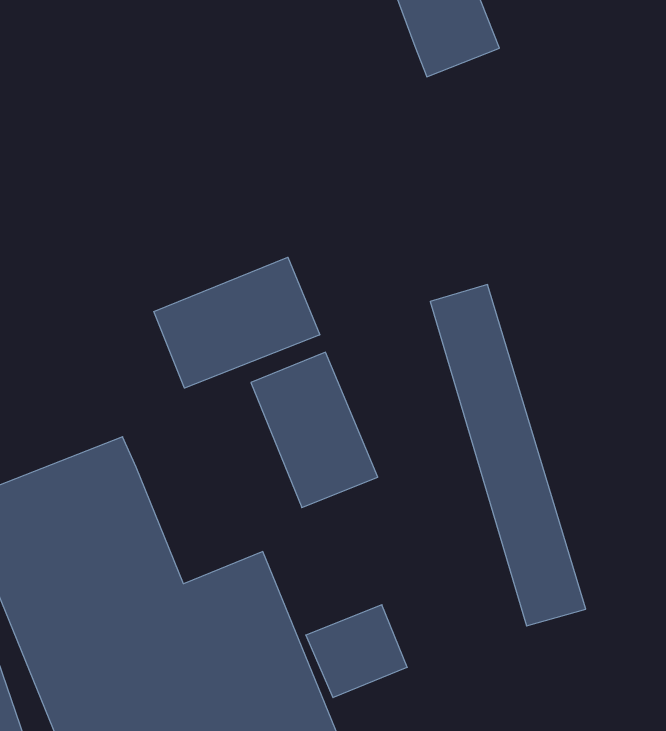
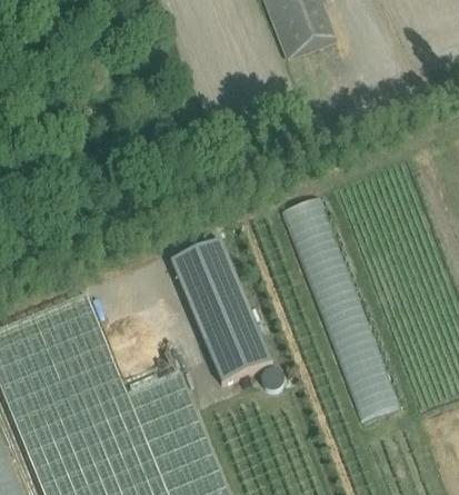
building: [154,257,320,388] -> none
building: [306,605,407,698] -> [204,324,271,385]

